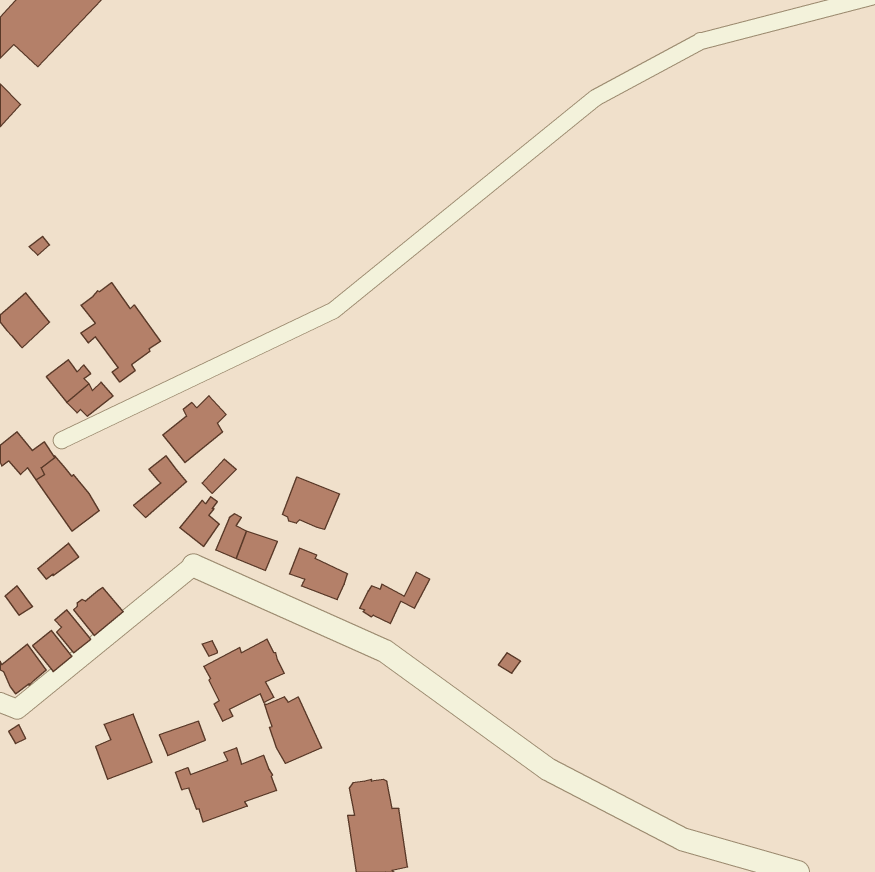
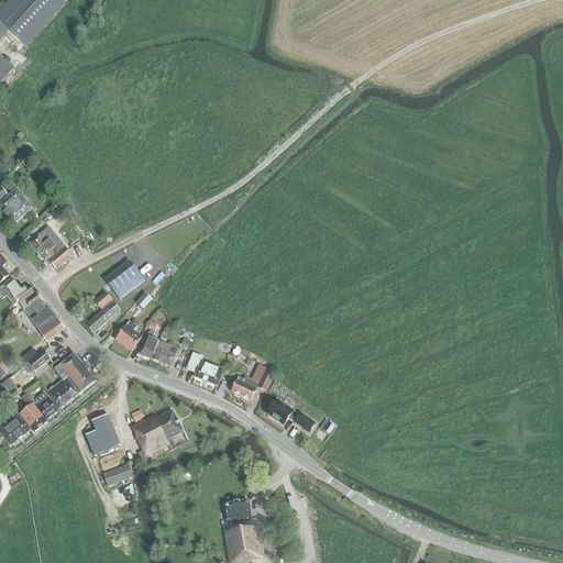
building: [81,283,161,382] -> none
building: [283,477,339,529] -> none
building: none -> [53,353,96,391]
building: none -> [266,398,316,432]
building: [265,697,322,763] -> none
building: [96,714,152,779] -> [87,415,123,456]
building: [176,748,276,822] -> none

